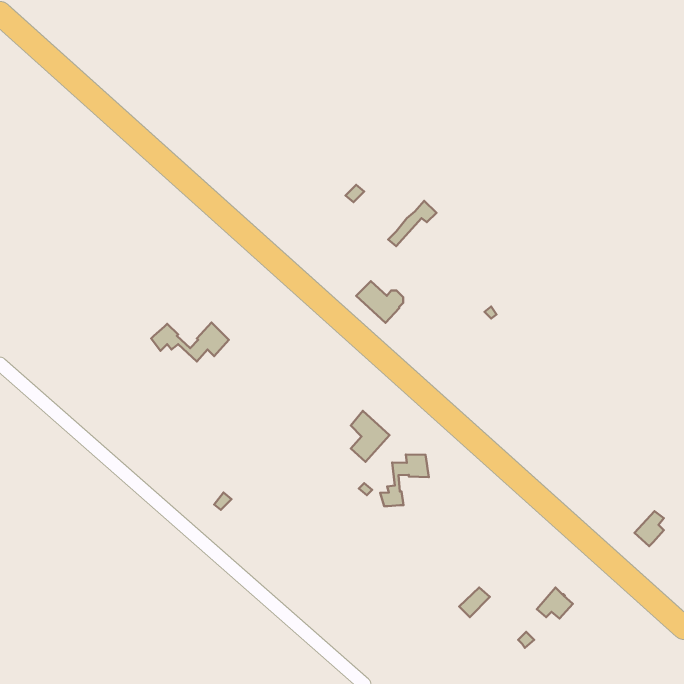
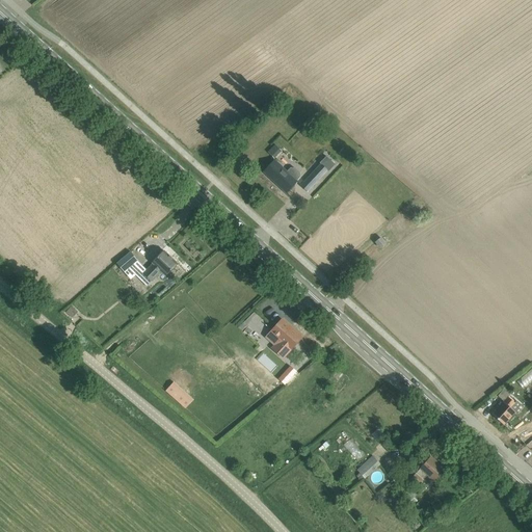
building: [356,281,403,323] -> [264,160,300,192]
building: [380,454,429,506] -> none

